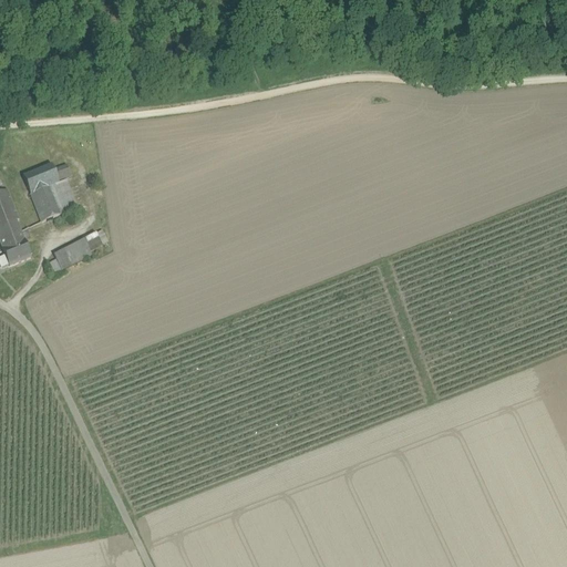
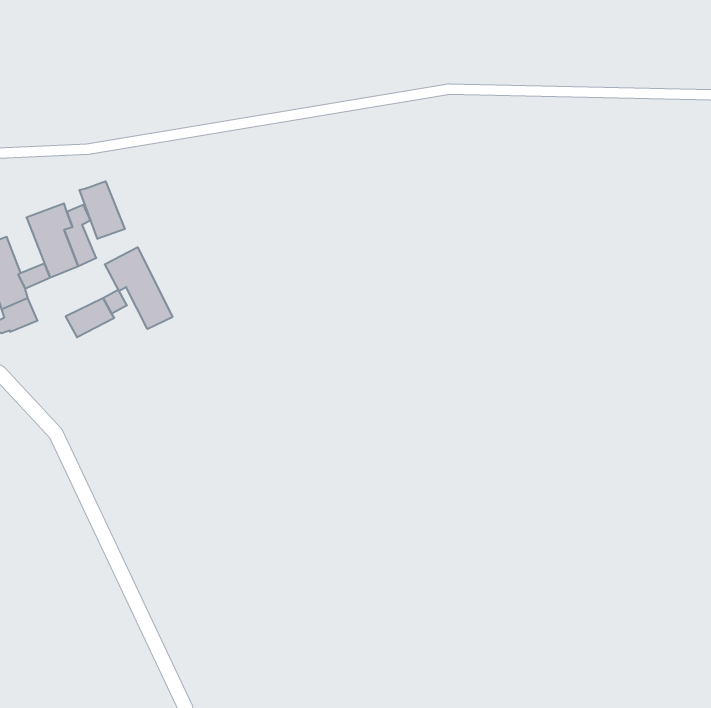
building: none -> [79,181,125,239]
building: none -> [105,247,172,329]

